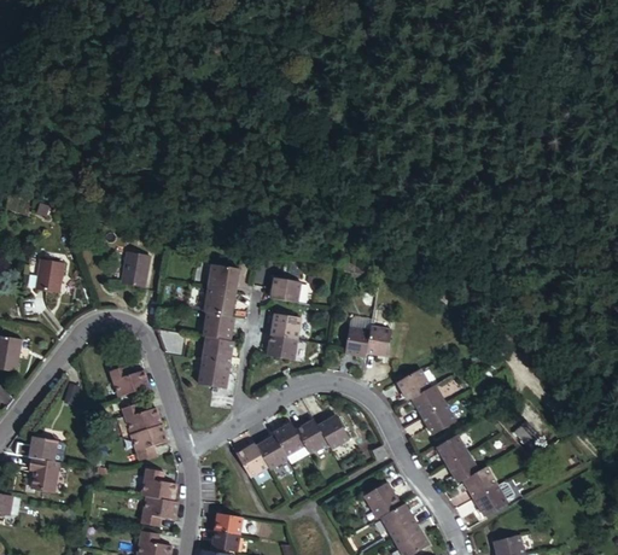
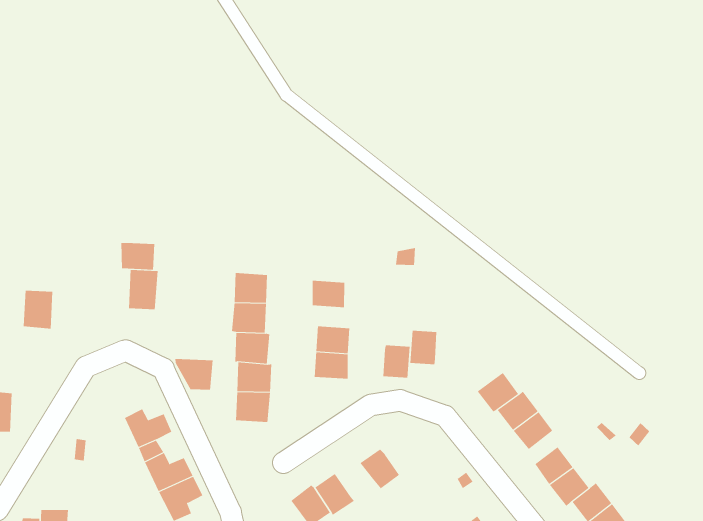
building: none -> [121,242,155,270]
building: [367,327,392,356] -> [383,345,411,378]
building: [317,415,349,449] -> none
building: [273,422,305,456] -> none

